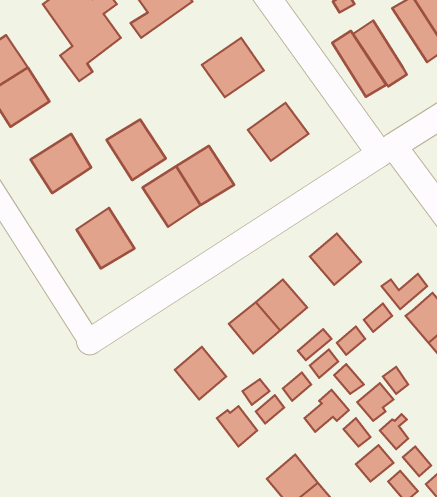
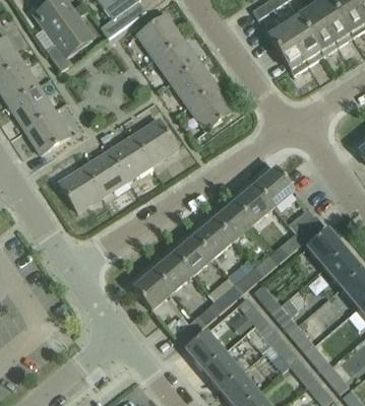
building: none -> [137,12,183,57]
building: [332,31,386,97] -> [283,14,323,64]
building: none -> [171,61,217,106]
building: none -> [9,84,55,128]
building: [106,120,166,180] -> [83,149,128,195]
building: none -> [255,166,294,205]
building: none -> [215,201,253,240]
building: none -> [154,252,192,291]
building: none -> [185,330,224,368]

